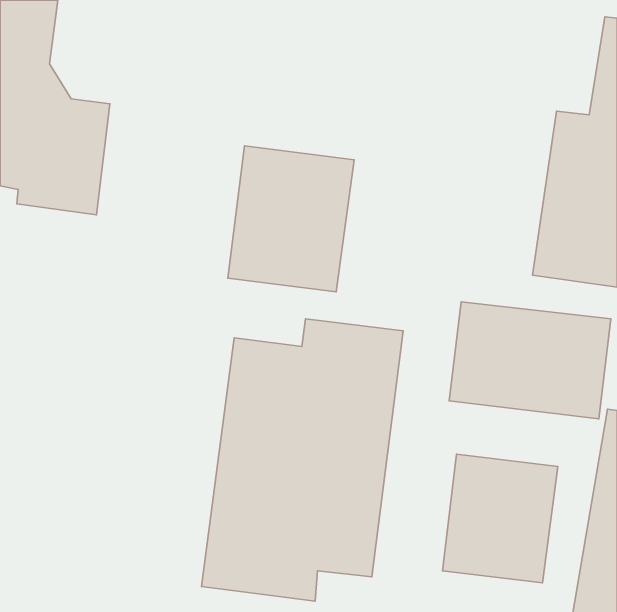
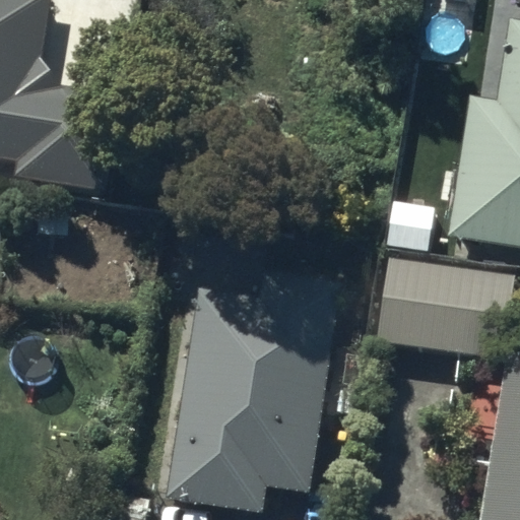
building: [228,146,354,292] -> none
building: [443,454,558,583] -> none

